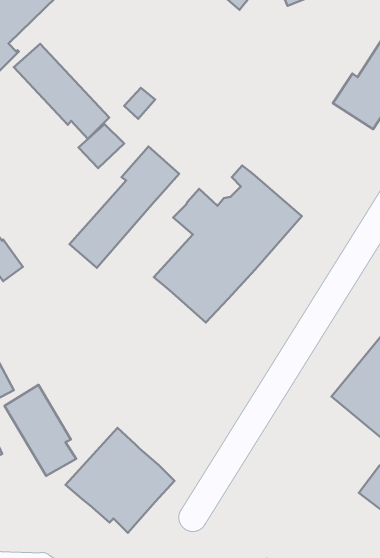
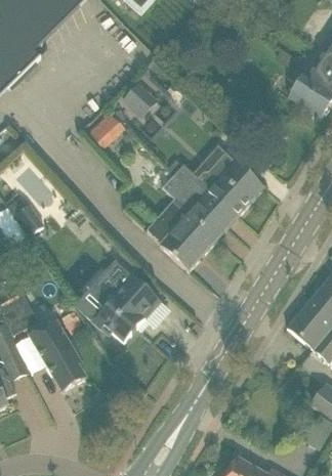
building: [14,44,109,139] -> none
building: [69,146,179,268] -> none
building: [66,428,175,533] -> [74,259,160,342]

